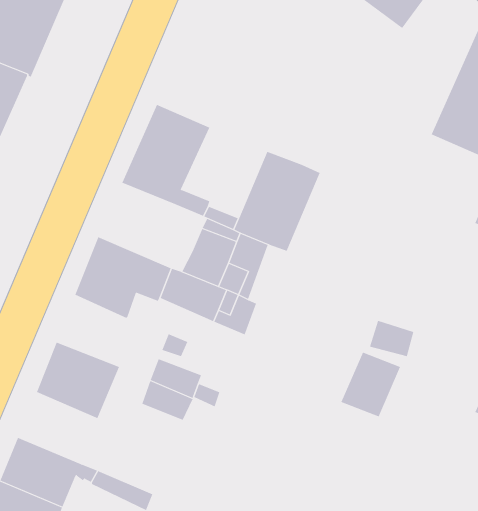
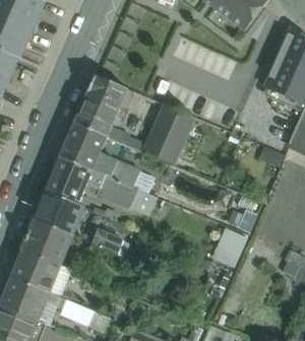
building: none -> [60,122,117,176]
building: none -> [35,190,84,233]
building: none -> [11,249,60,292]

